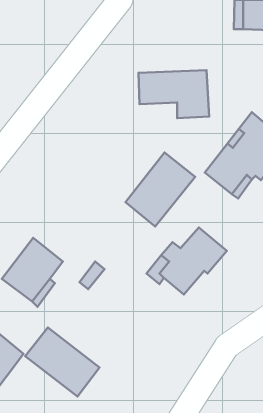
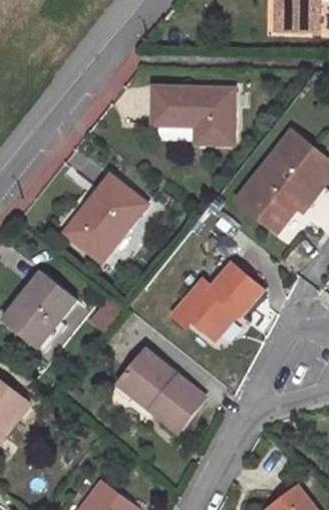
building: [125,152,195,227] -> [65,178,145,263]
building: [25,327,99,396] -> [118,351,204,431]

